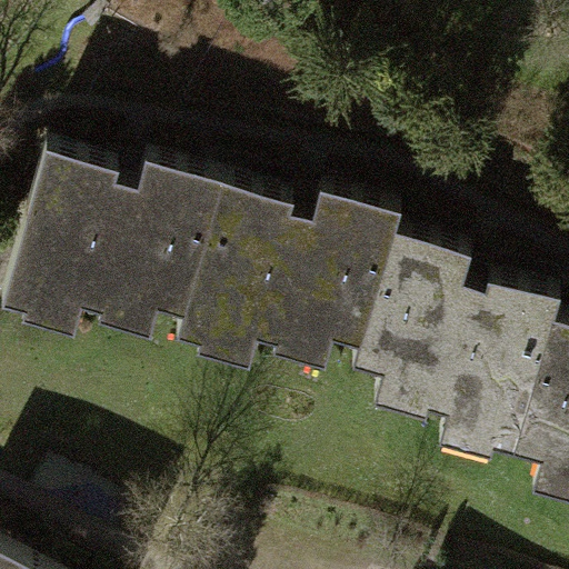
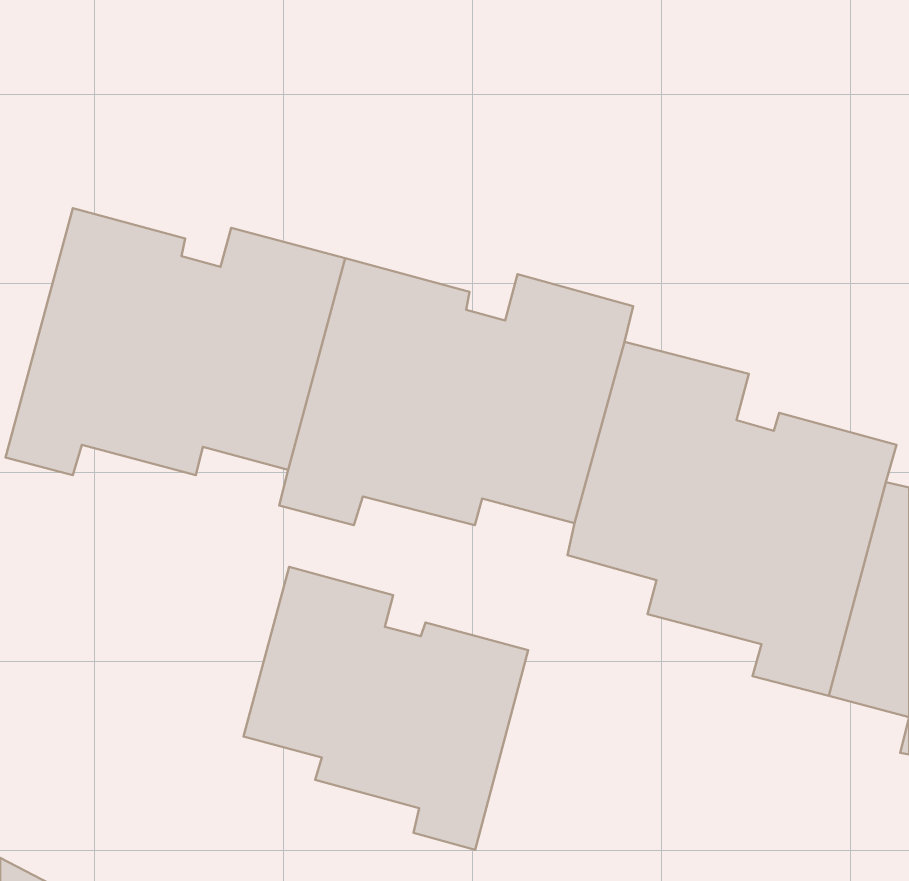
building: none -> [244,567,528,850]

